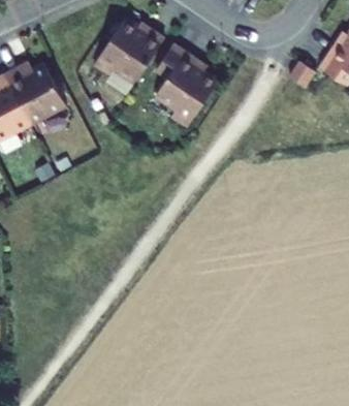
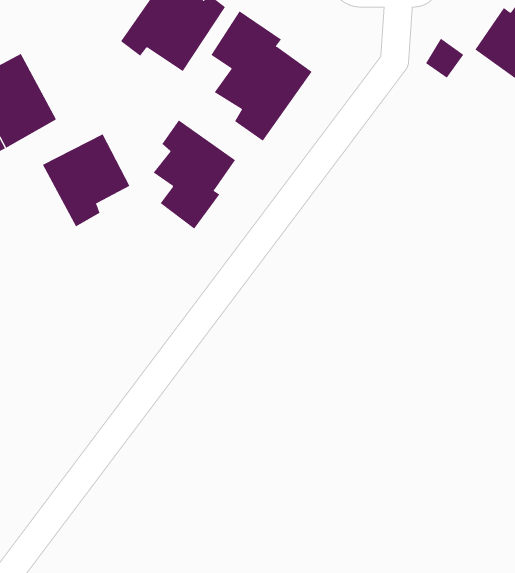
building: none -> [153,119,236,230]
building: none -> [42,134,130,227]

